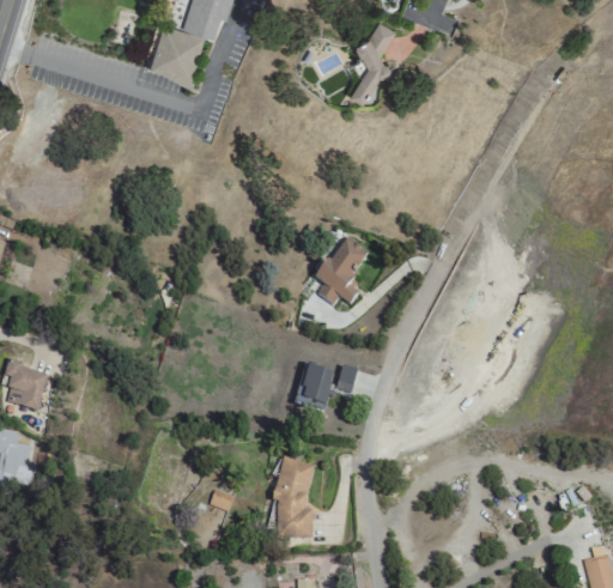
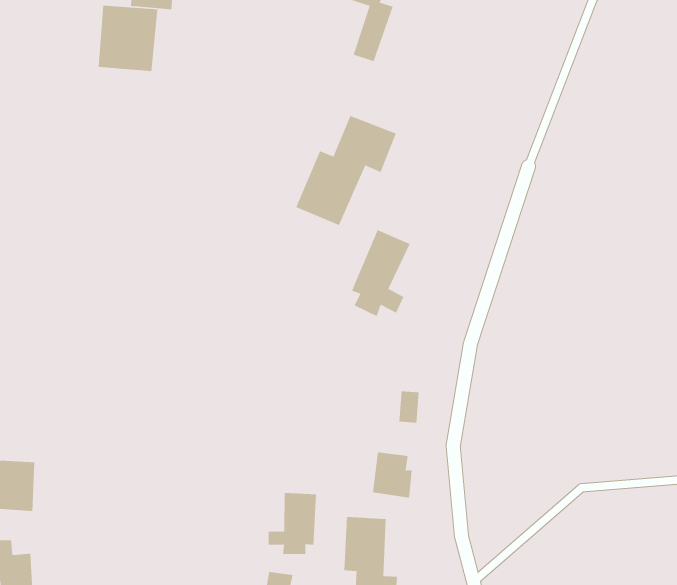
building: none -> [295,115,397,226]
building: [299,366,334,407] -> [372,452,413,498]
building: none -> [268,492,316,555]

